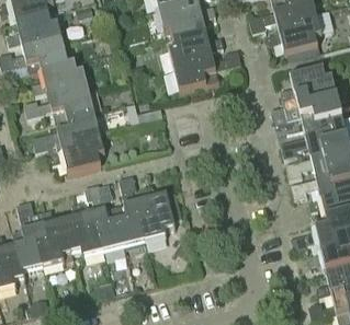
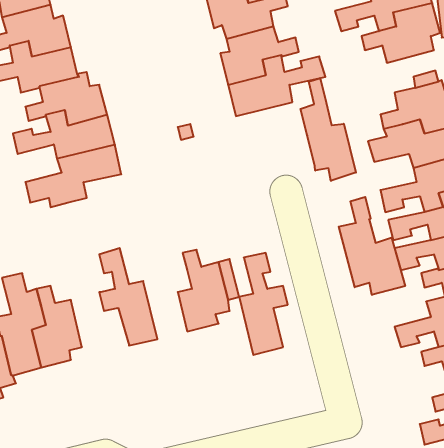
building: none -> [300,78,356,181]
building: [49,132,104,174] -> none
building: none -> [339,197,405,295]
building: [114,176,148,247] -> [239,253,288,355]
building: [64,202,104,257] -> none

